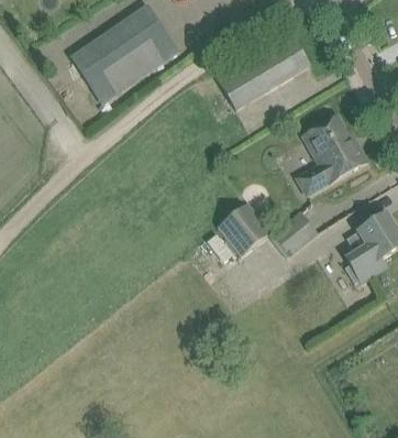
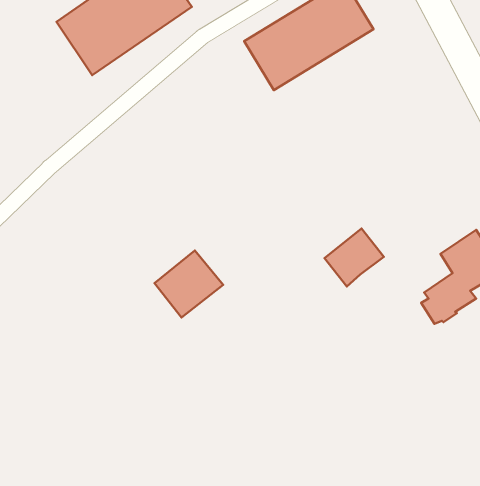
building: [297,117,366,195] -> none
building: [220,207,270,256] -> [155,250,223,317]

